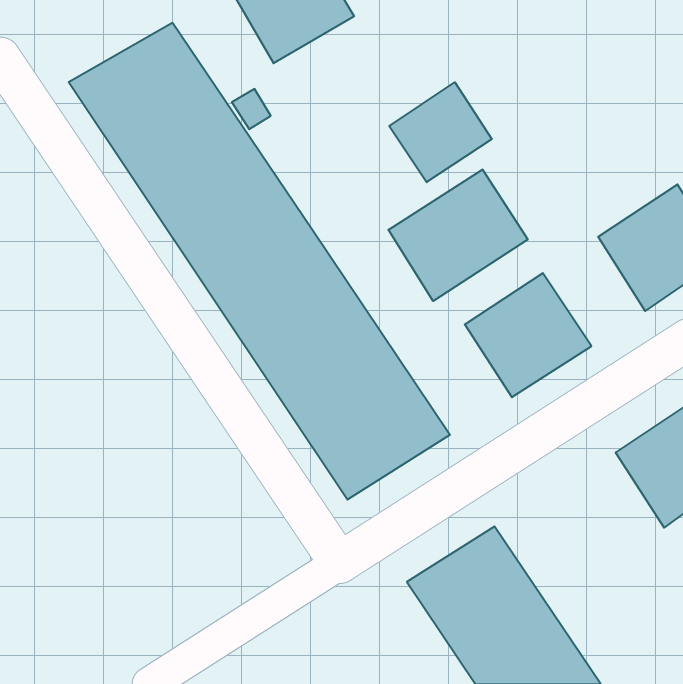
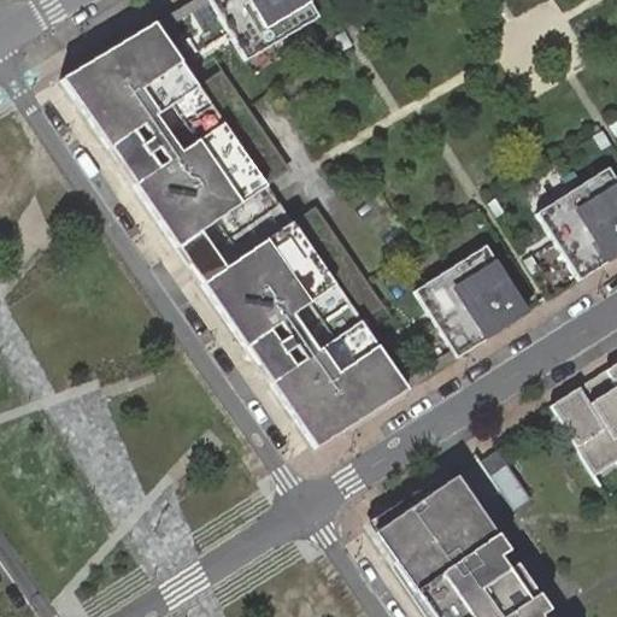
building: [389,82,492,182] -> none
building: [388,169,528,301] -> none

